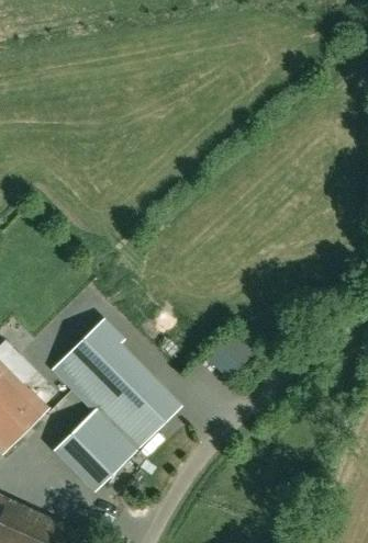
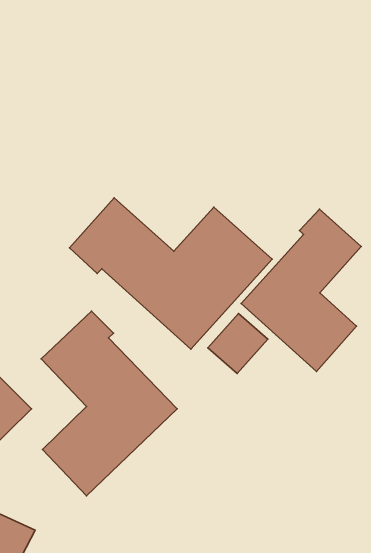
building: none -> [70,198,272,349]
building: none -> [241,209,361,371]

